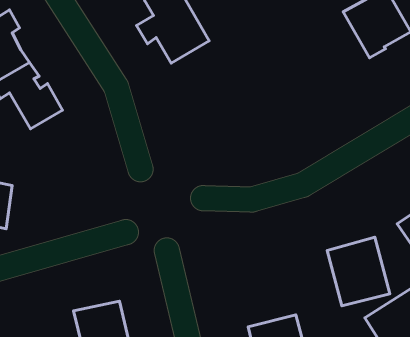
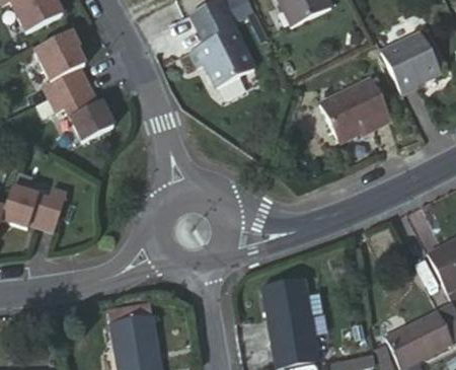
building: none -> [315,78,387,141]
building: [327,237,390,306] -> [260,273,315,334]

